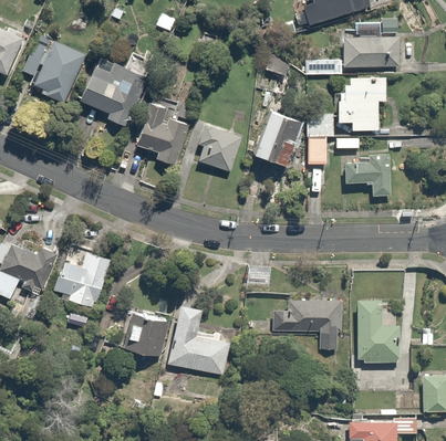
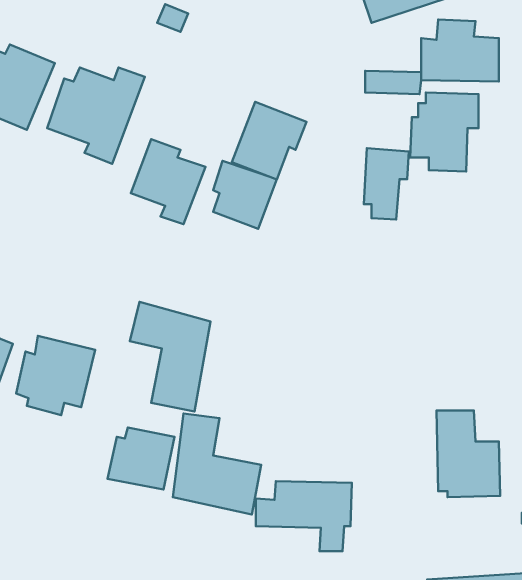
building: [249,108,302,164] -> [232,102,306,179]
building: [349,157,392,198] -> none
building: none -> [130,302,210,411]
building: [274,301,343,350] -> [256,481,352,551]

